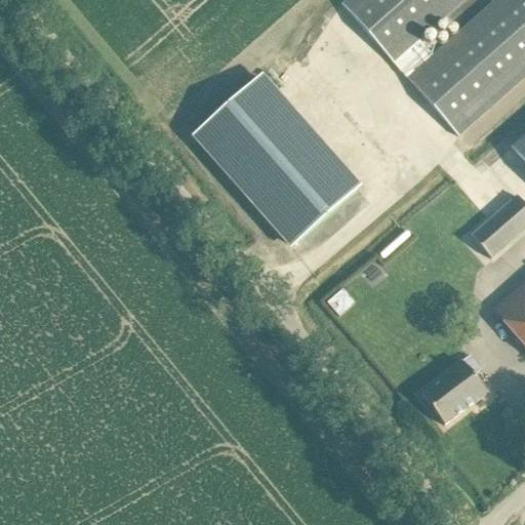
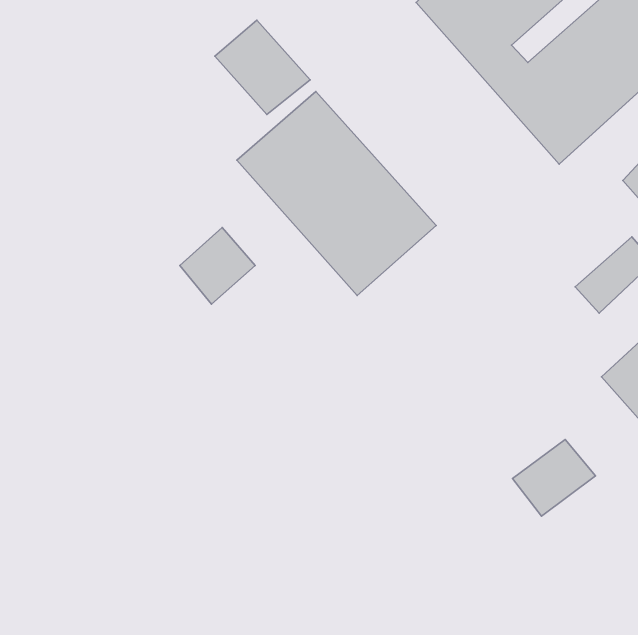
building: none -> [215,20,310,114]
building: none -> [180,228,255,304]

